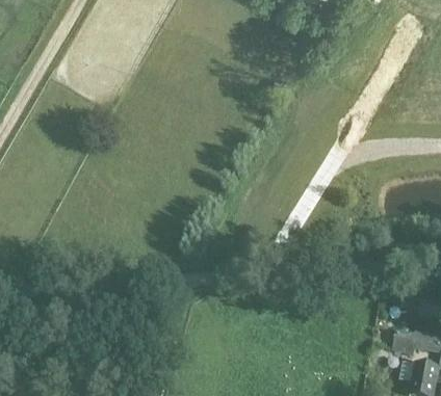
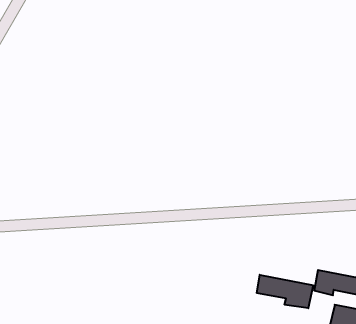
building: none -> [257,275,313,308]

